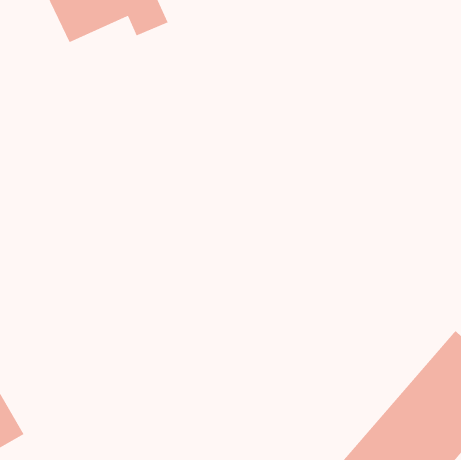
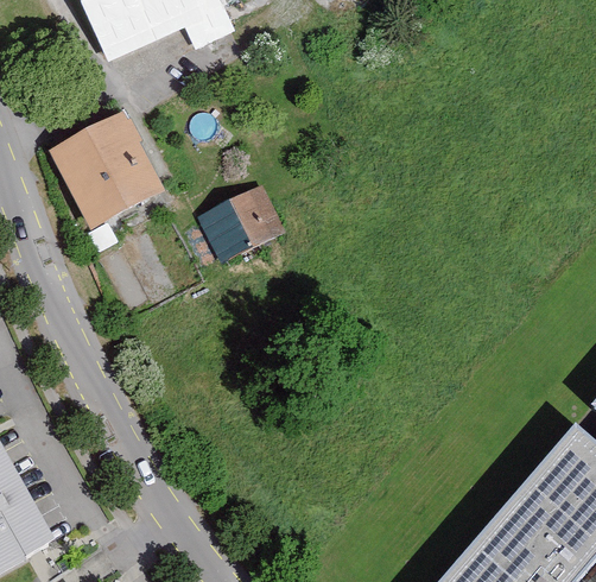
building: none -> [49,113,164,232]
building: none -> [199,184,284,261]

